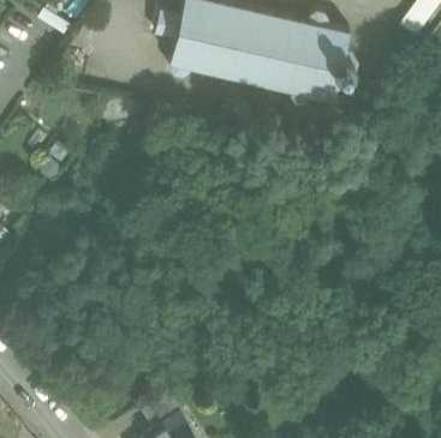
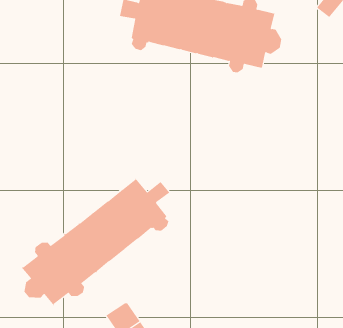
building: none -> [21,178,170,307]

